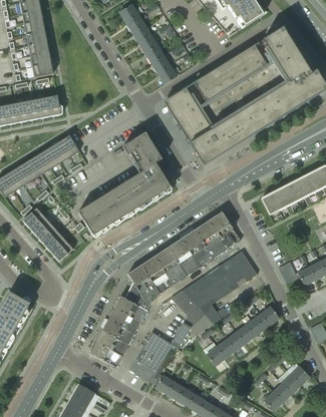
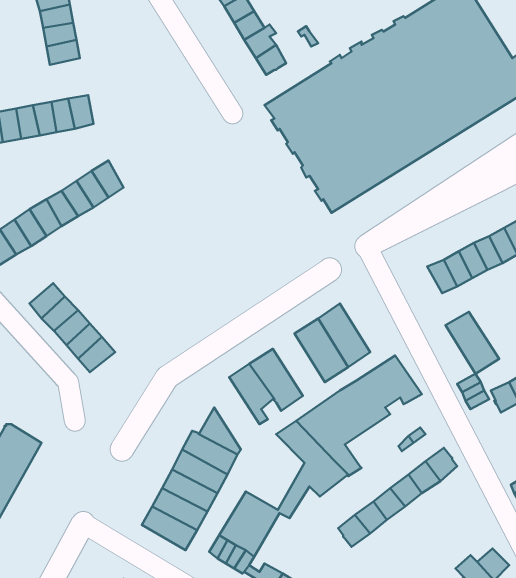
building: [78,132,172,235] -> none
building: [209,212,241,249] -> [445,312,499,374]
building: [169,238,200,275] -> none
building: [128,264,160,307] -> none

